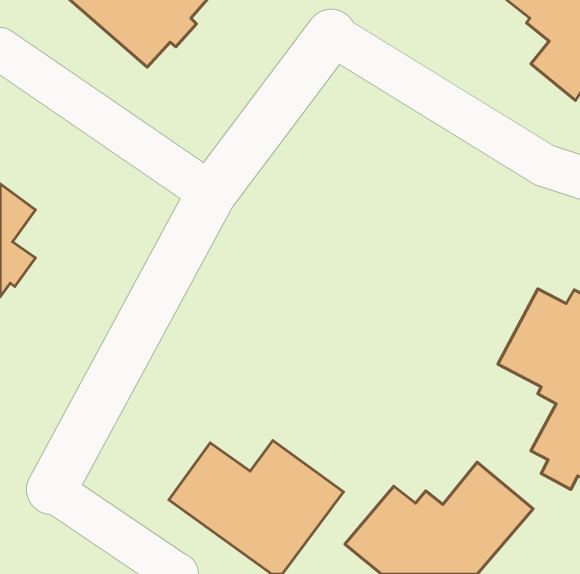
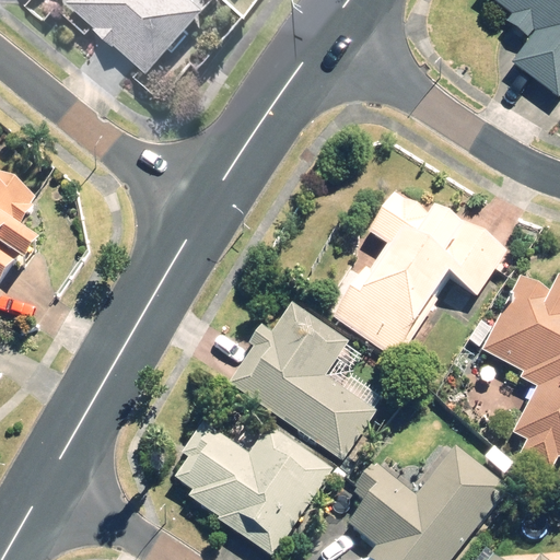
building: none -> [332,194,505,357]
building: none -> [223,300,386,463]

